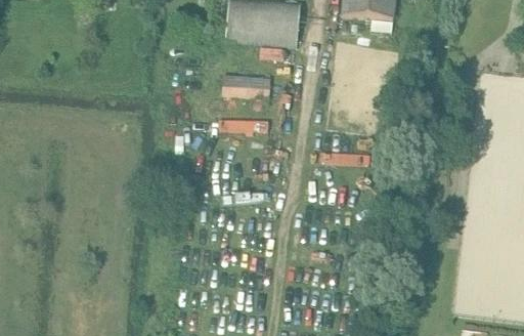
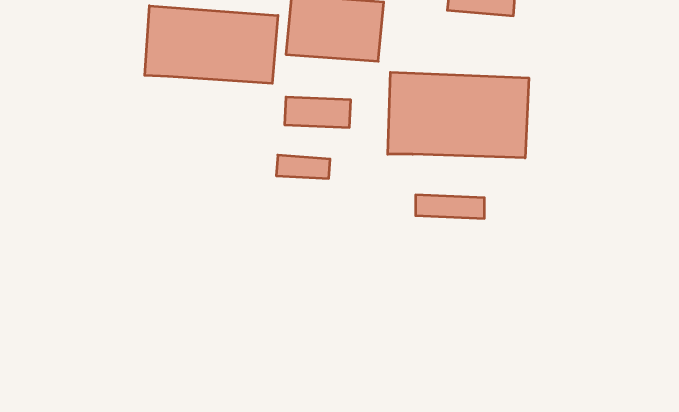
building: none -> [145,6,278,83]
building: none -> [388,72,529,158]

